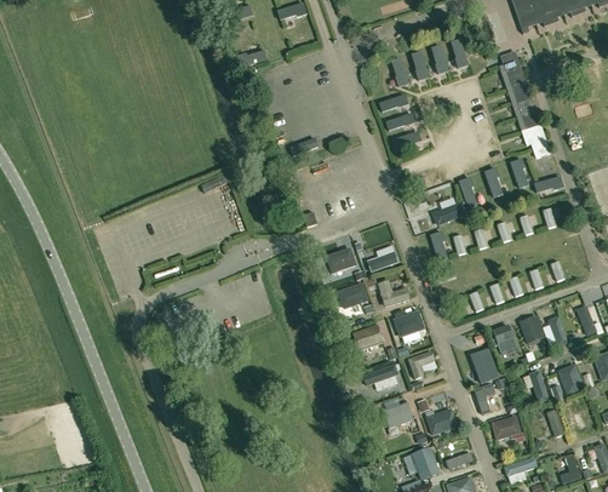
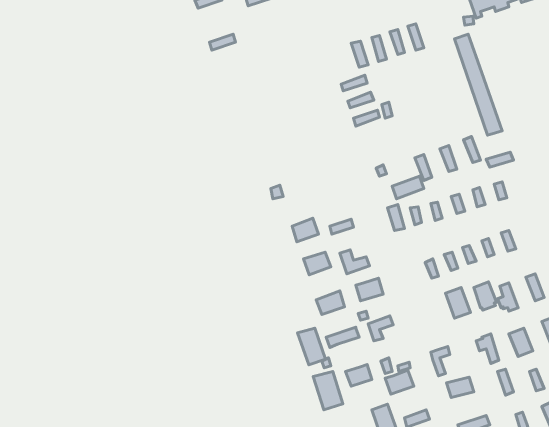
building: [471,348,499,383] -> none
building: none -> [298,328,325,365]
building: none -> [313,372,343,410]

